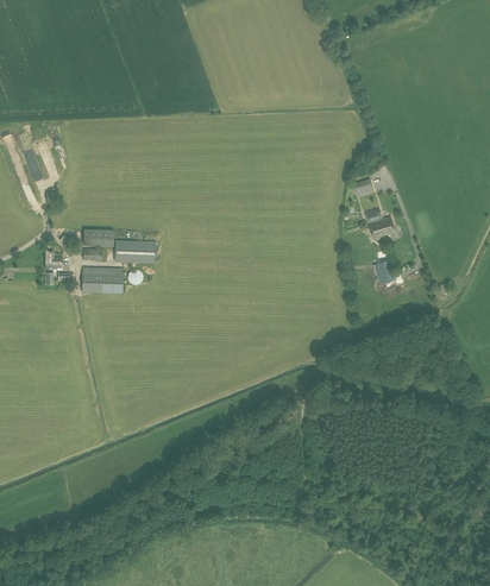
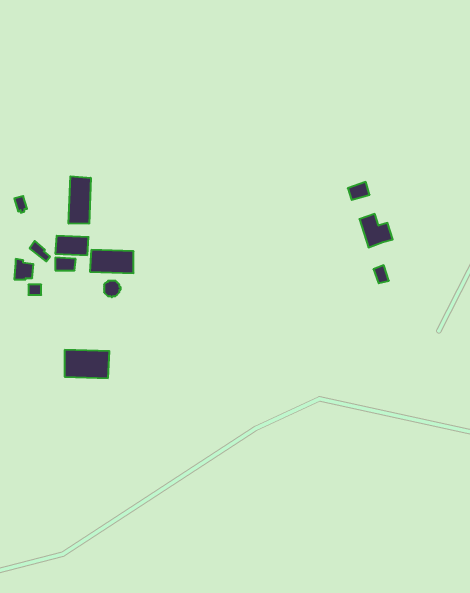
building: none -> [69,176,91,224]
building: [81,266,122,292] -> [65,350,109,378]

